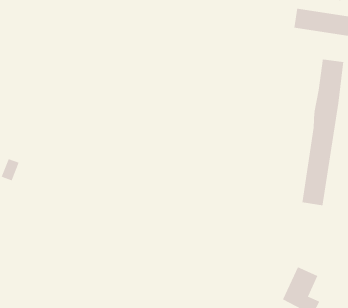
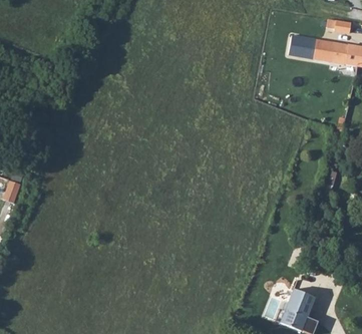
building: [302,58,344,206] -> none

